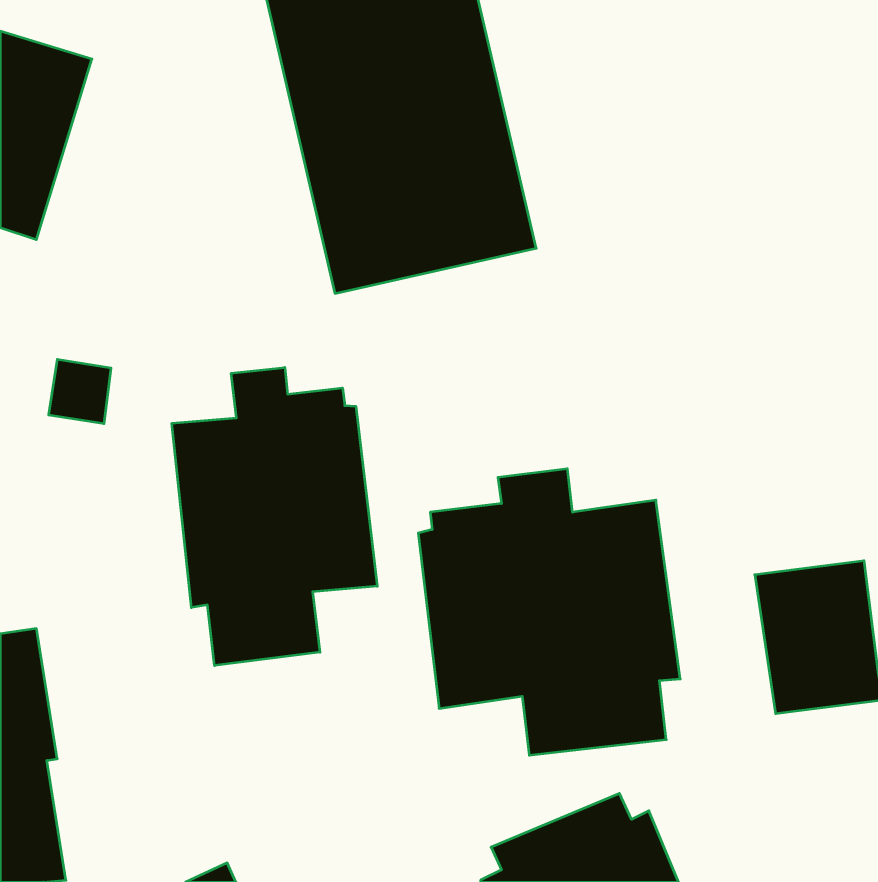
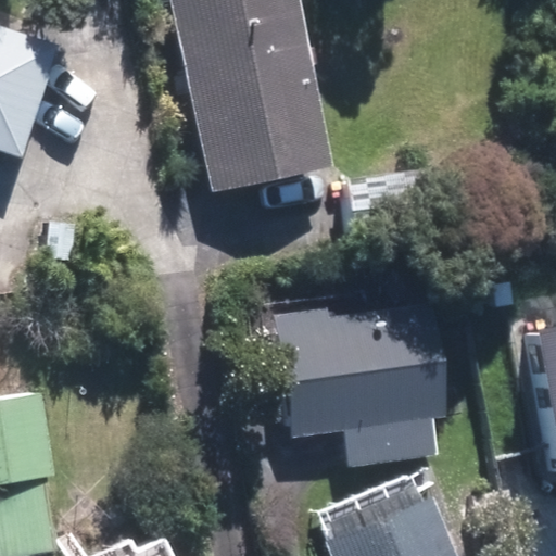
building: [172,367,377,666] -> none

